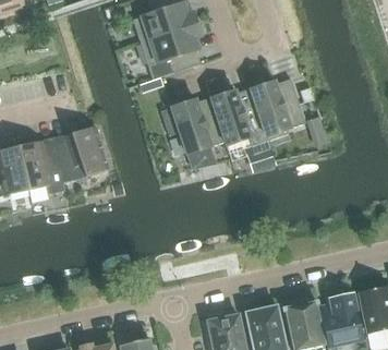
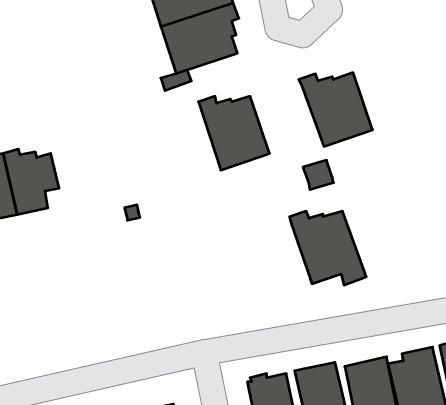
building: [208,89,268,147] -> [290,211,366,285]
building: [53,124,109,183] -> none

